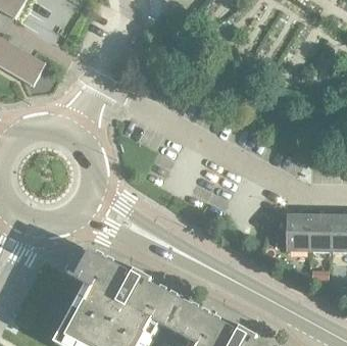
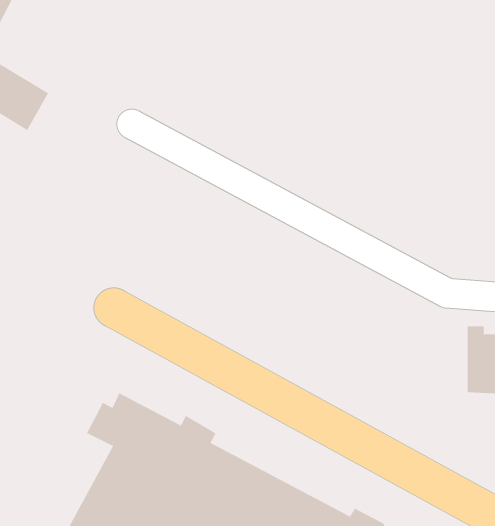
building: [285,208,307,250] -> none

